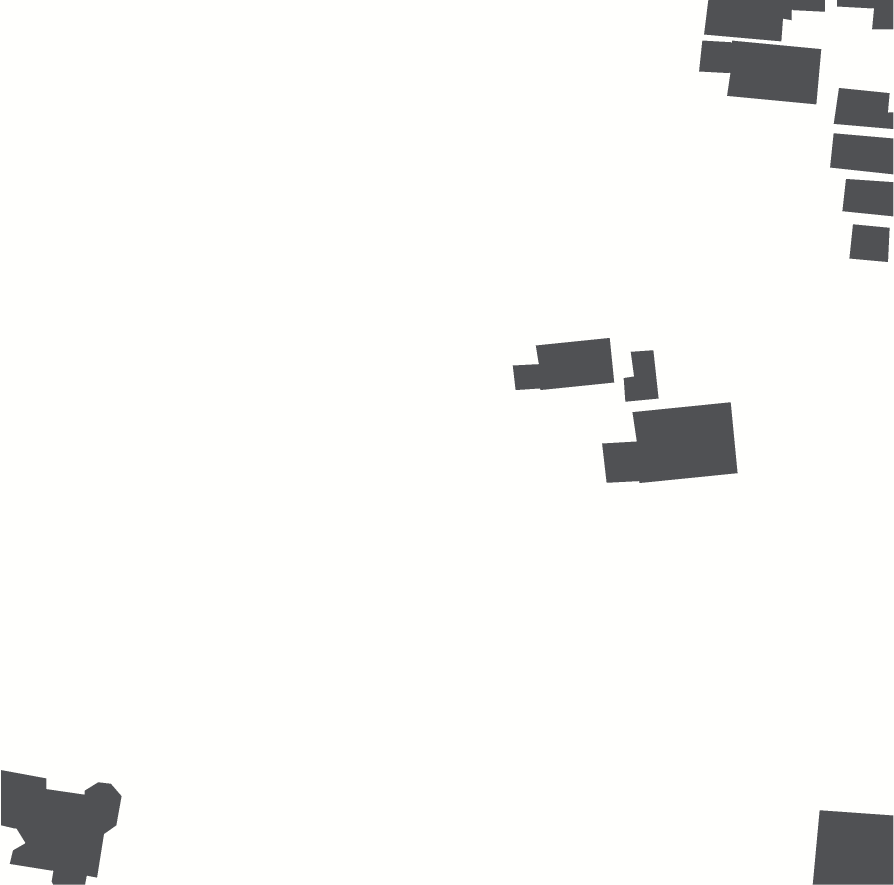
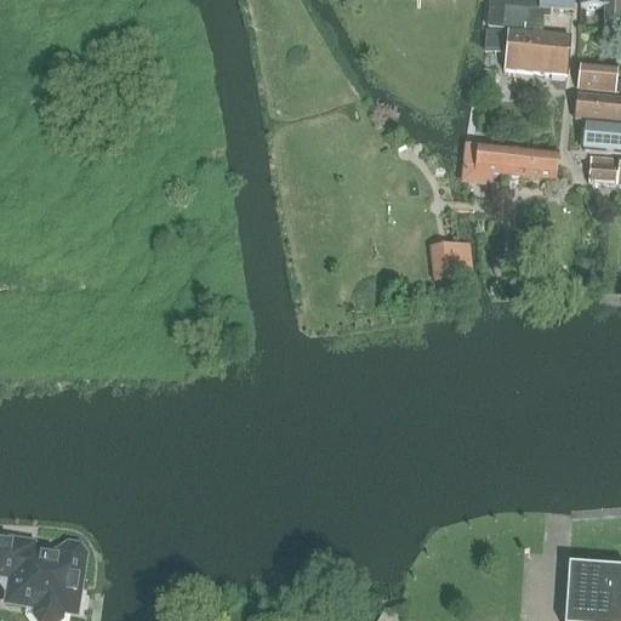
building: none -> [474,141,559,177]
building: [512,337,615,391] -> none
building: [602,402,738,484] -> none

